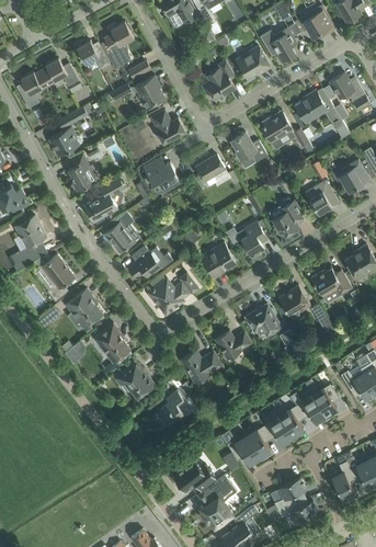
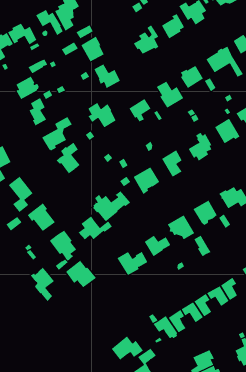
building: [127,246,172,277] -> [78,215,113,240]
building: none -> [30,267,55,302]
building: [158,390,198,423] -> none

